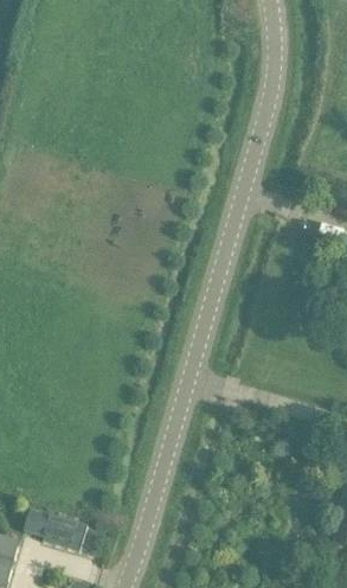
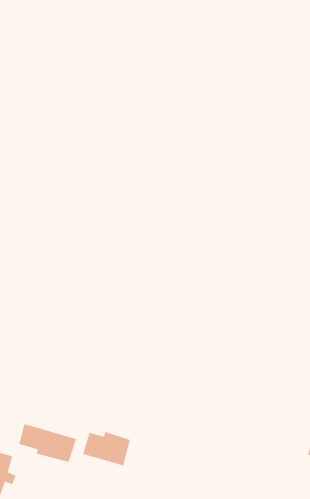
building: none -> [82,431,130,466]

